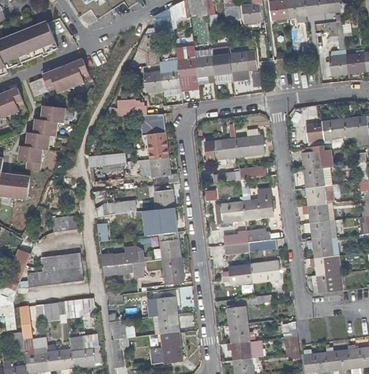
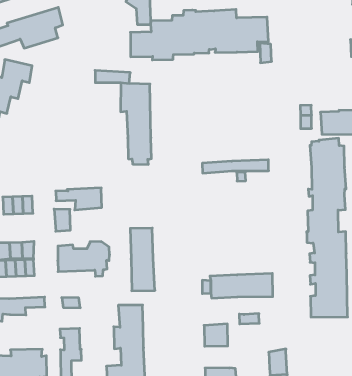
building: [207,127,265,159] -> none
building: [88,151,134,174] -> none
building: [150,184,177,230] -> none
building: [215,187,273,222] -> none
building: [224,229,277,252] -> none
building: [229,322,251,342] -> none

